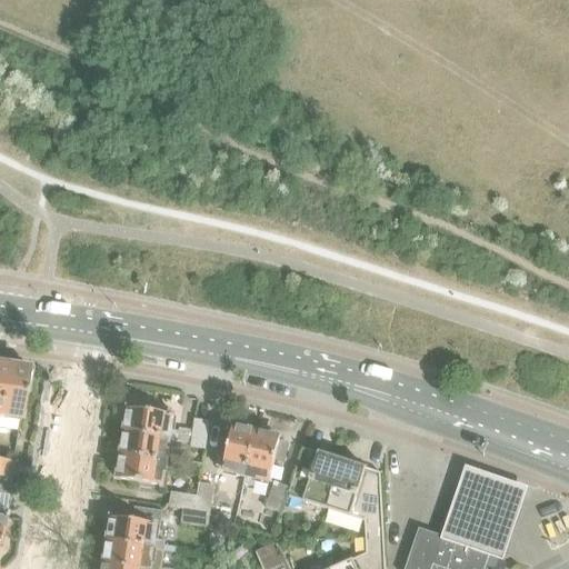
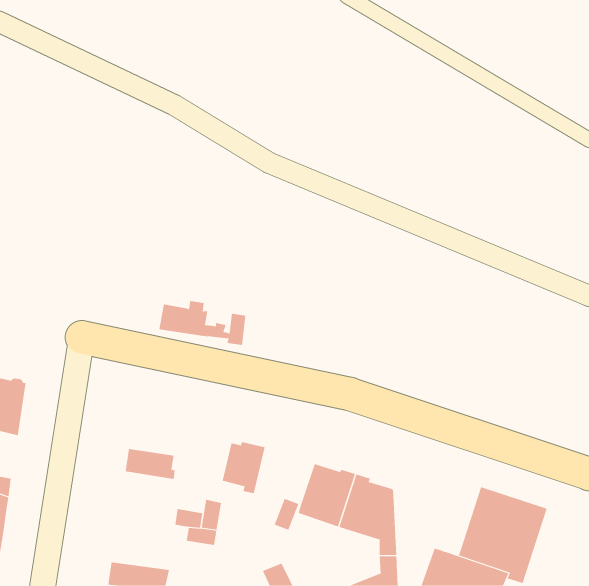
building: [123,403,208,447] -> [158,301,246,346]
building: [239,430,287,500] -> none
building: [117,453,178,488] -> none
building: [107,516,178,550] -> none

